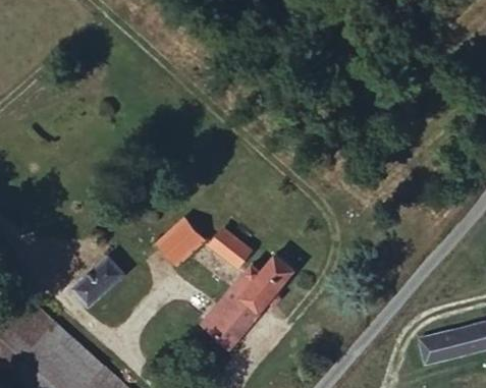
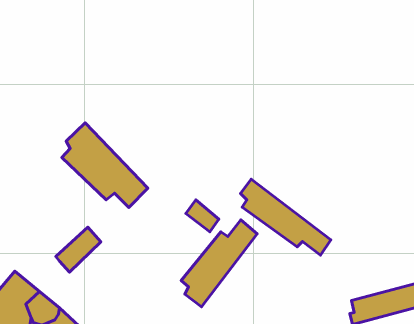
building: none -> [62,123,148,208]
building: none -> [241,179,331,255]
building: [155,219,204,265] -> none

